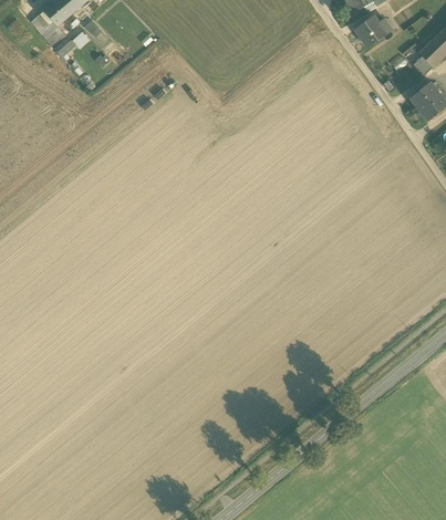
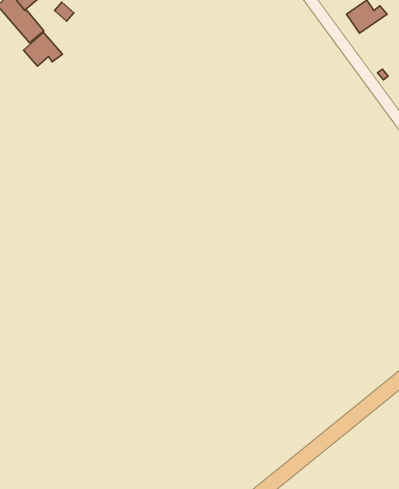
building: none -> [23,33,62,66]

